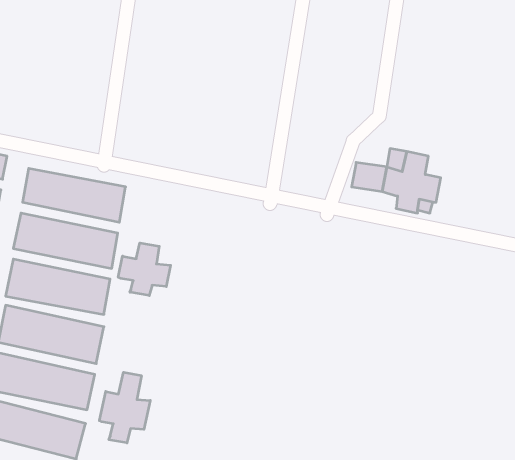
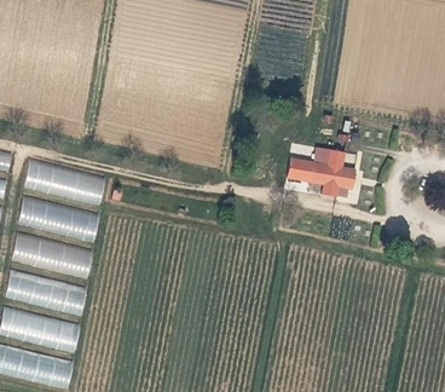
building: [118,243,171,296] -> none
building: [99,372,150,443] -> none

